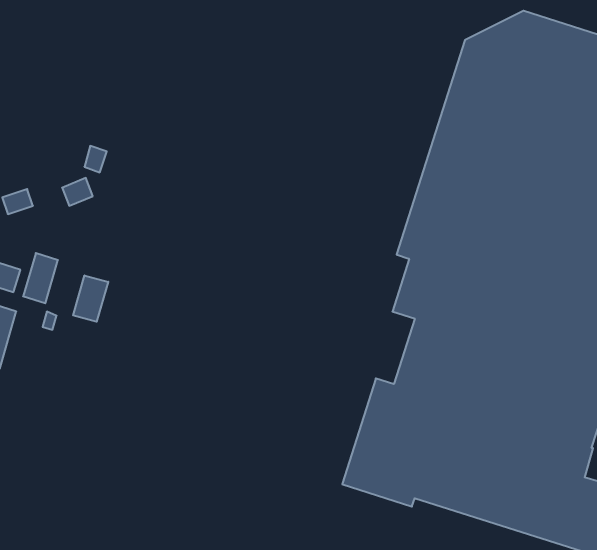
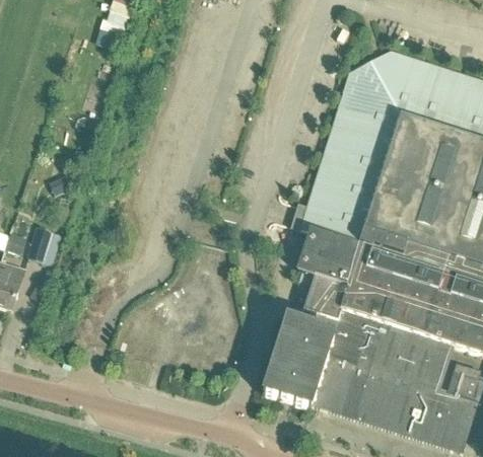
building: [73,275,108,322] -> none

